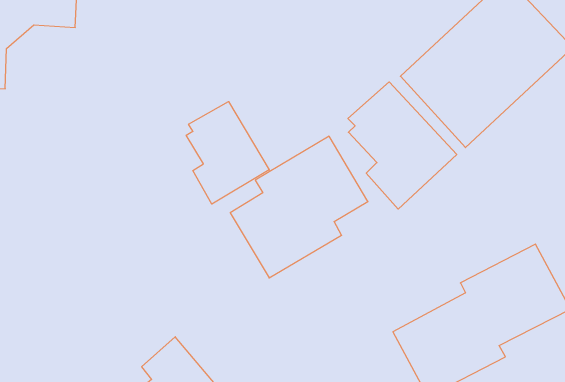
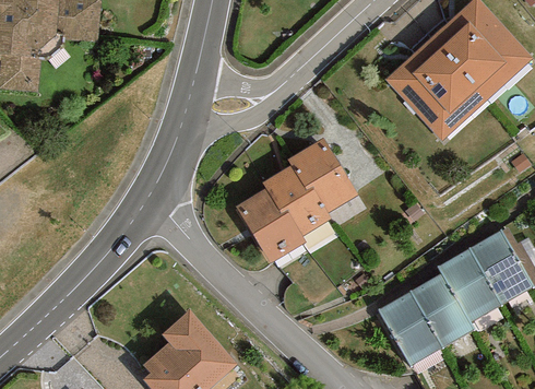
building: [348,82,457,209] -> none
building: [186,102,269,204] -> none

